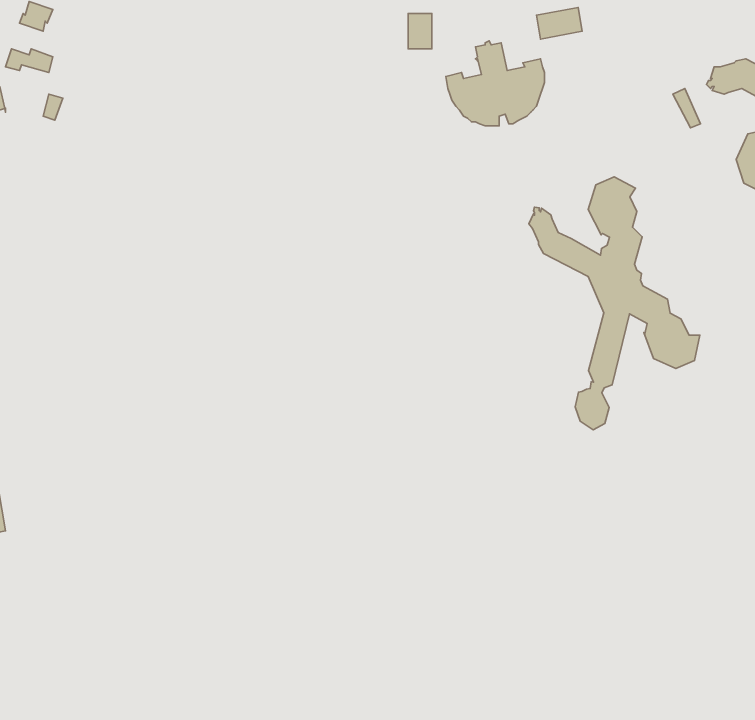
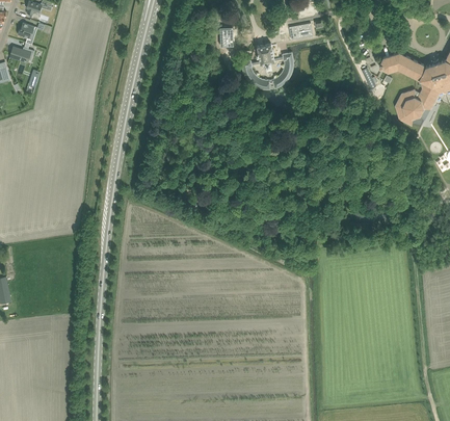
building: [529,177,700,430] -> none

